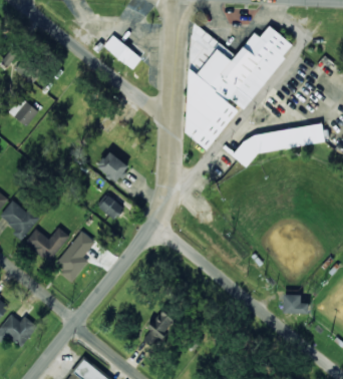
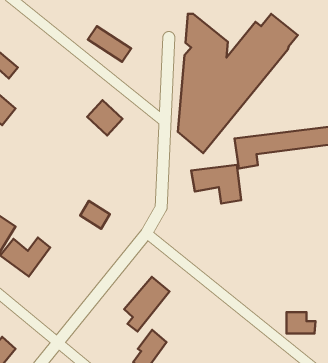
building: [96,151,128,183] -> [87,100,123,136]
building: none -> [191,165,241,204]
building: [57,232,98,281] -> [124,277,170,331]

